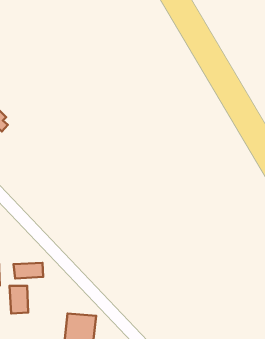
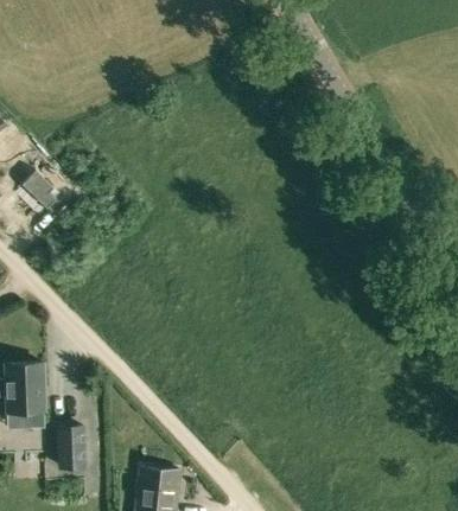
building: [13,263,43,278] -> none

